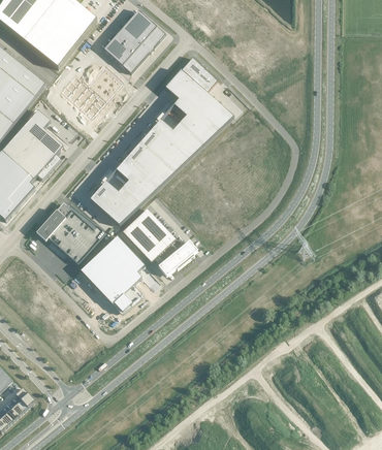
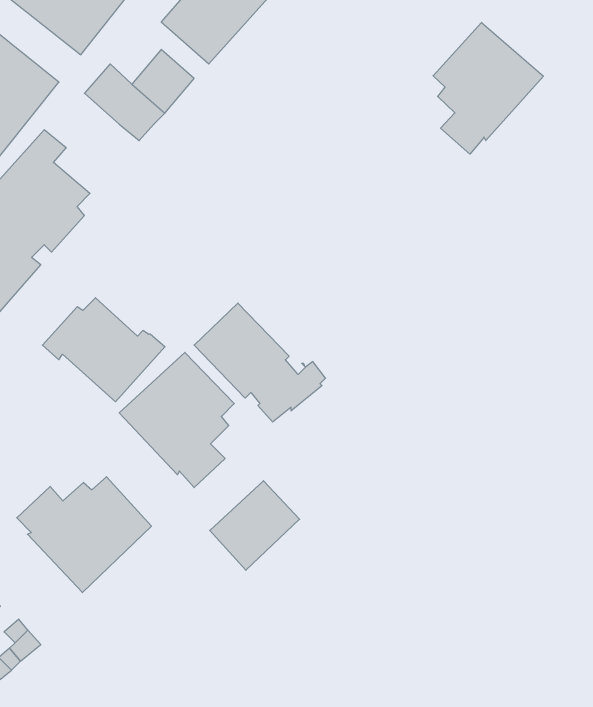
building: none -> [433,22,543,154]
building: [89,57,232,225] -> none
building: none -> [17,477,151,593]
building: none -> [210,481,300,570]

